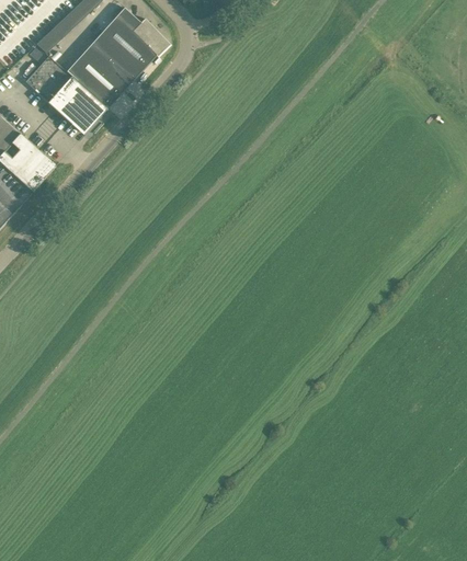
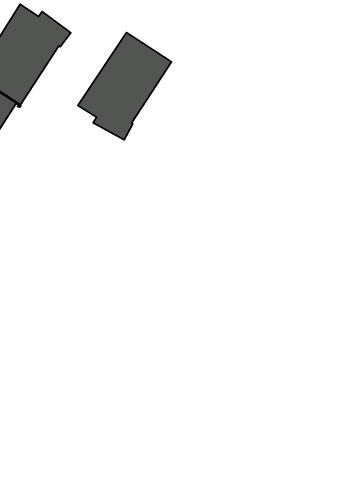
building: none -> [78,33,171,140]

